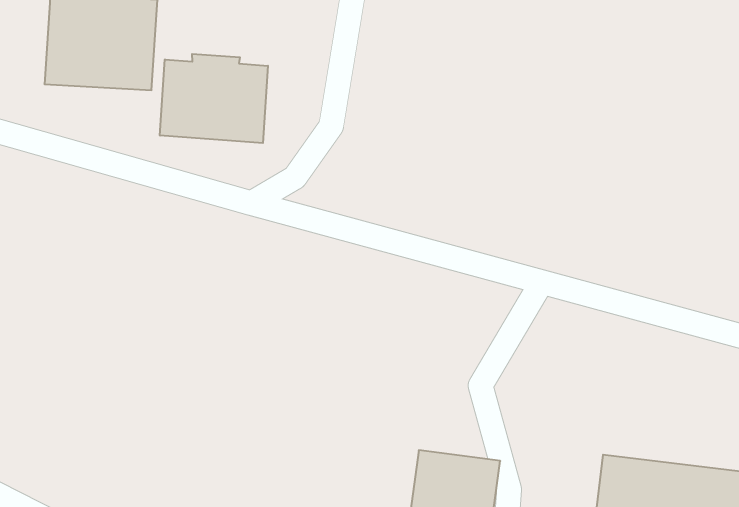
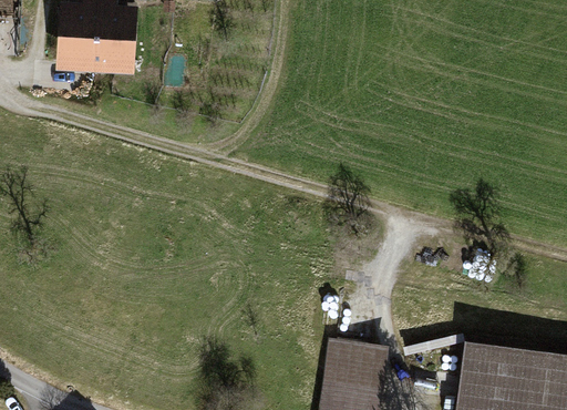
building: [160,54,268,143] -> none

